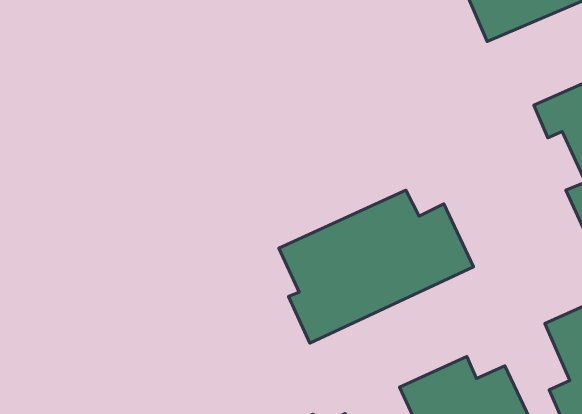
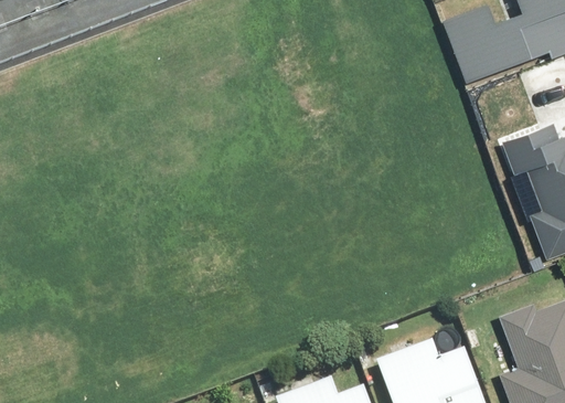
building: [279,190,474,343] -> none

